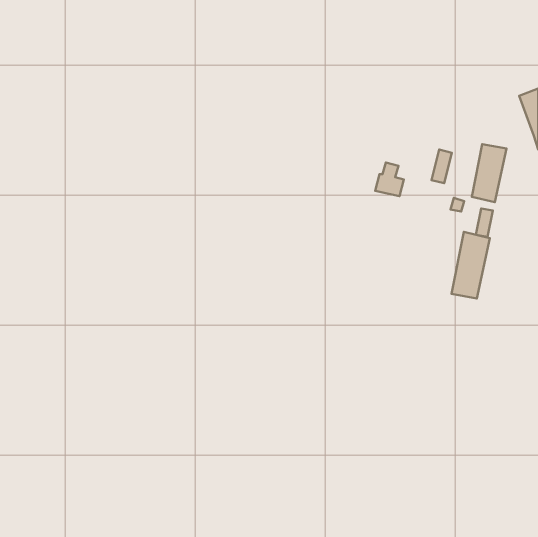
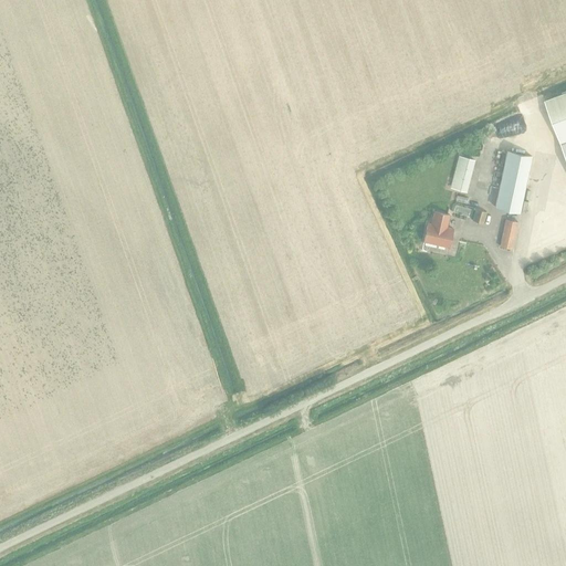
building: [375,163,404,196] -> [423,212,453,248]
building: [452,232,490,298] -> none

